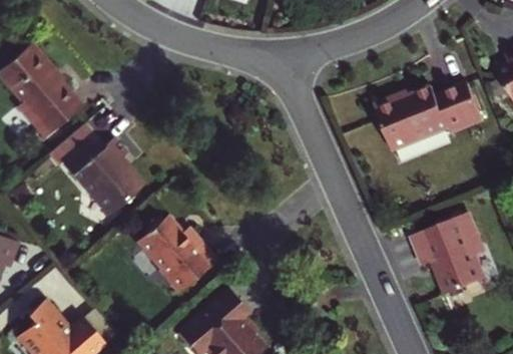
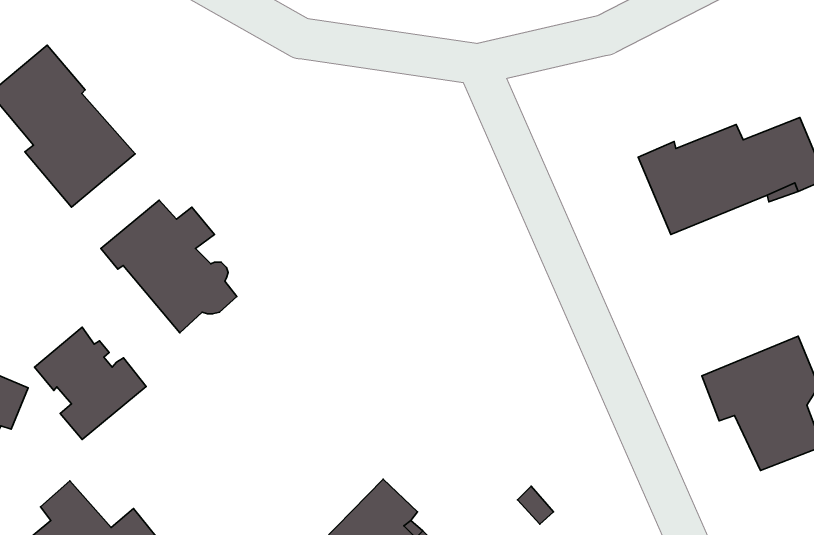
building: none -> [35,327,146,439]
building: [137,213,217,292] -> none

